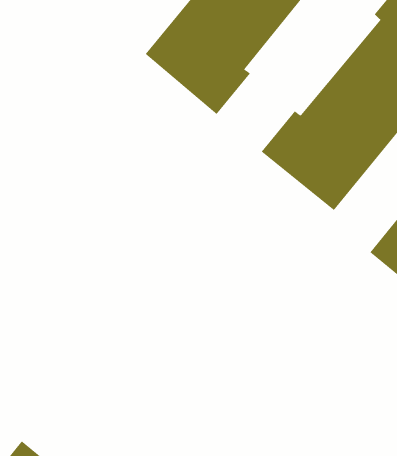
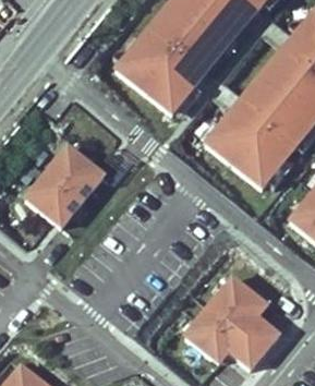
building: none -> [26,146,105,227]
building: none -> [185,276,280,369]

